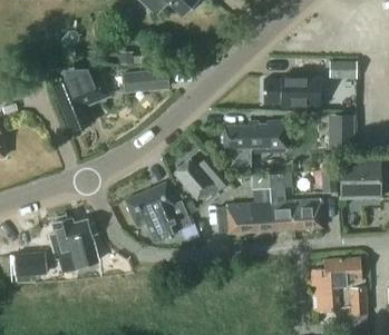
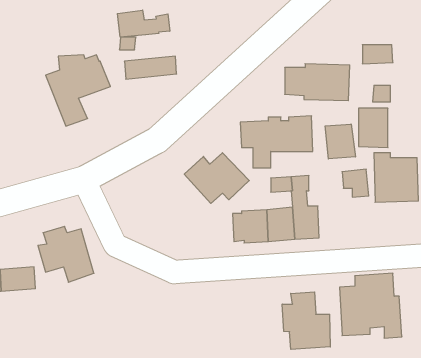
building: none -> [117,10,170,37]
building: none -> [325,124,355,159]
building: [126,183,192,239] -> none
building: [293,198,322,228] -> none
building: none -> [282,292,330,349]

